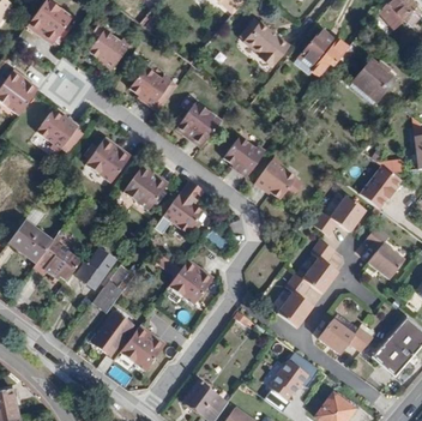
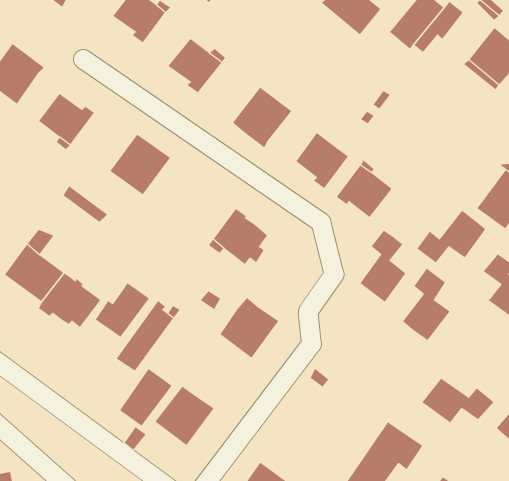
building: [123,166,168,211] -> none
building: [278,272,313,326] -> [359,230,406,303]

